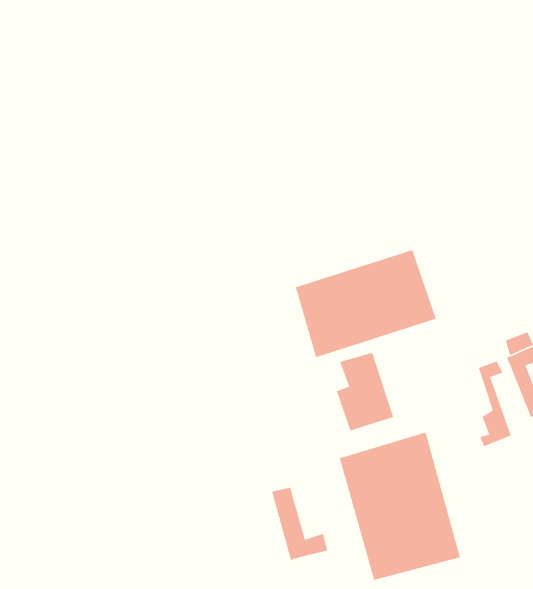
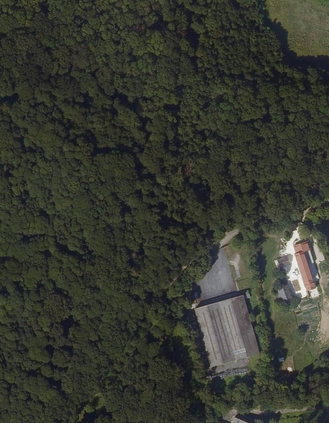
building: [295,249,437,358] -> none
building: [271,487,328,561] -> none

